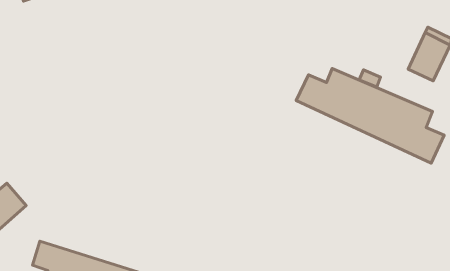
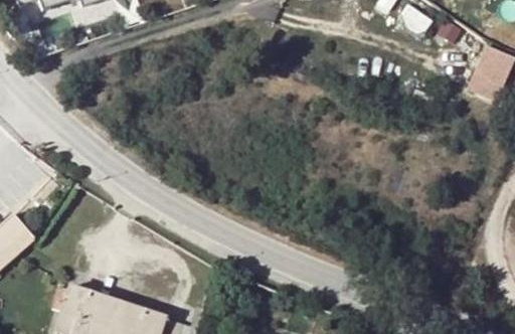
building: [296,69,444,163] -> none

